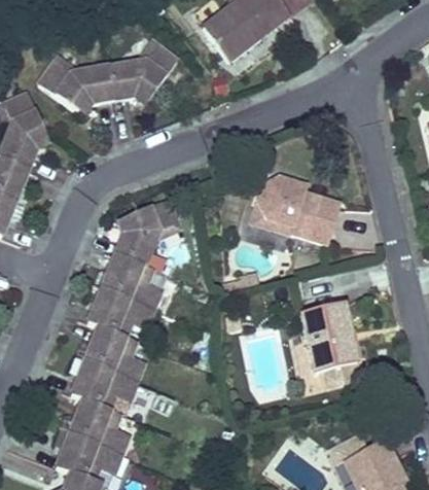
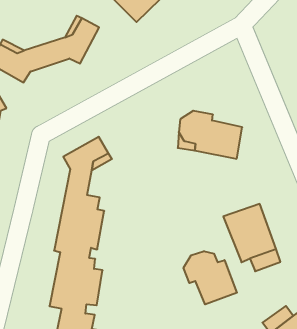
building: none -> [184,251,237,304]

